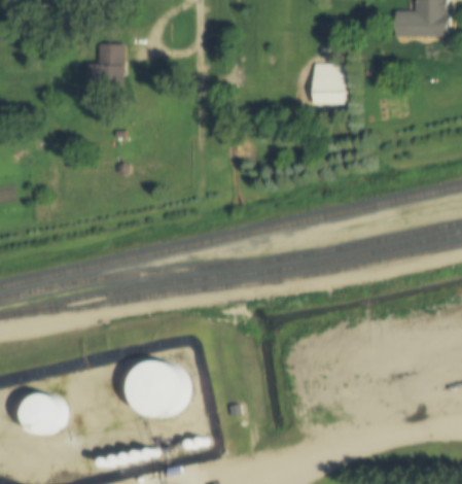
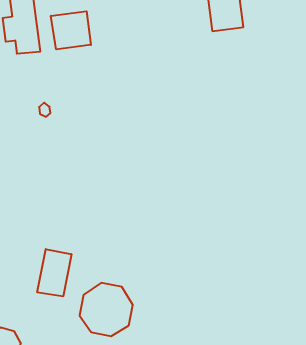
building: none -> [51,11,91,49]
building: none -> [37,249,71,296]

